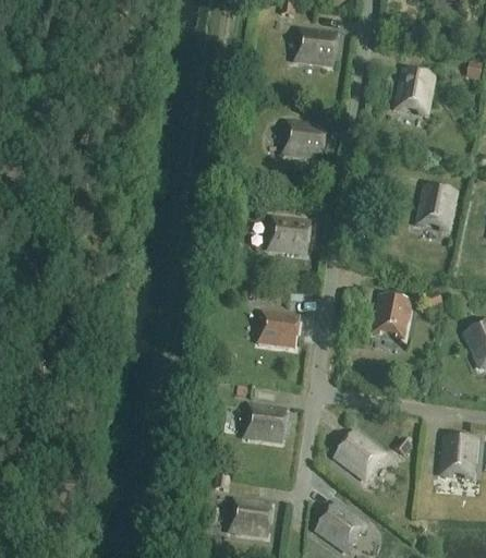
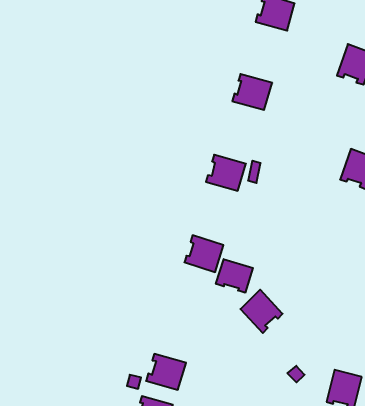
building: [373,294,411,337] -> none
building: none -> [216,259,253,293]
building: [244,405,285,441] -> [146,354,186,390]
building: [336,432,384,480] -> [240,290,283,333]

